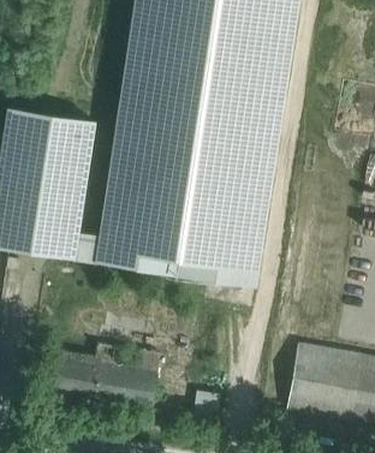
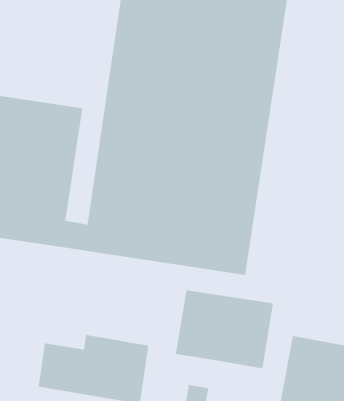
building: none -> [175,289,273,369]

